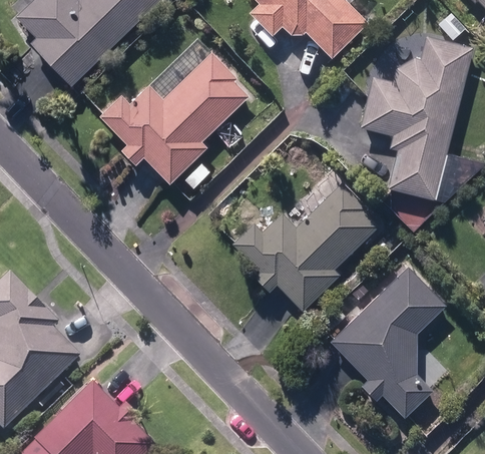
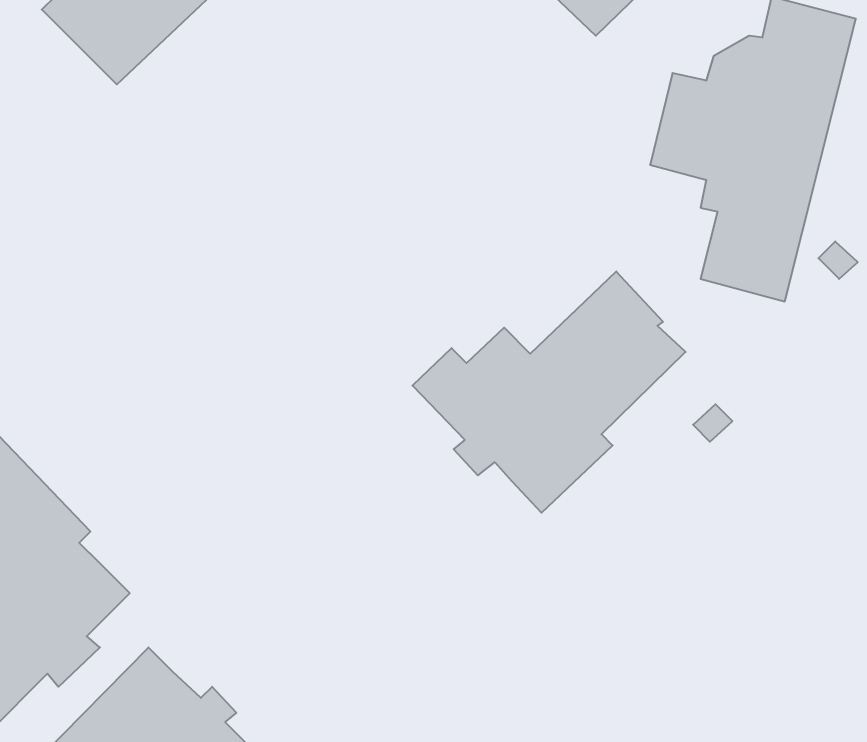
building: [101,49,253,182] -> none
building: [328,266,443,417] -> none

